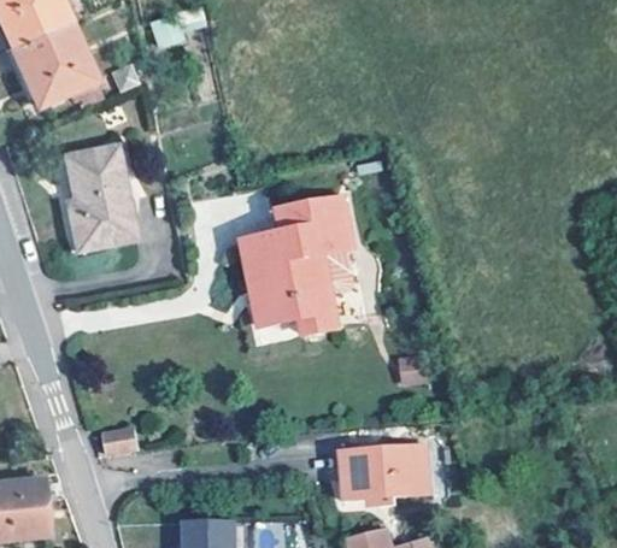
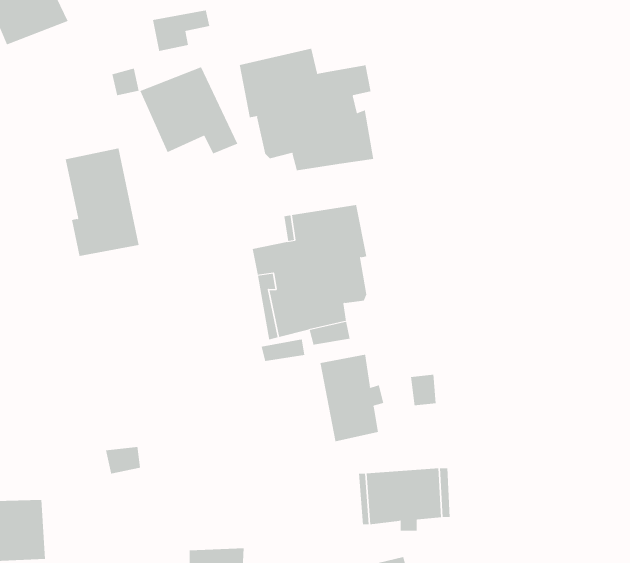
building: [10,22,104,105] -> [139,67,238,154]
building: none -> [239,48,374,171]
building: none -> [320,354,384,442]

